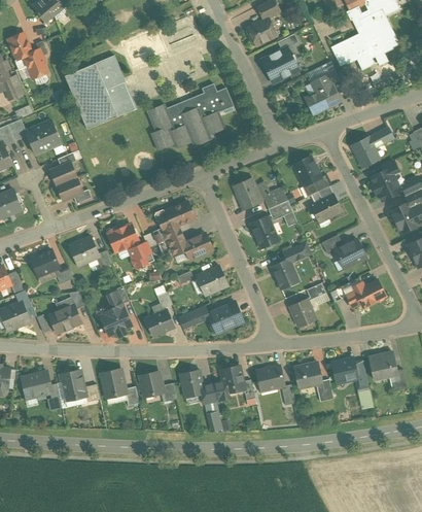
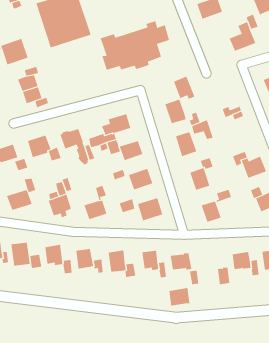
building: [293,157,322,185] -> [173,76,195,99]
building: [310,194,342,223] -> none
building: [293,362,321,386] -> [168,287,190,306]

